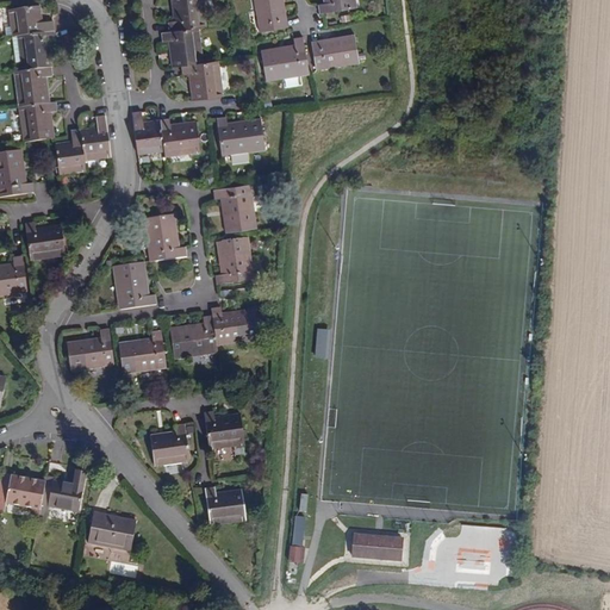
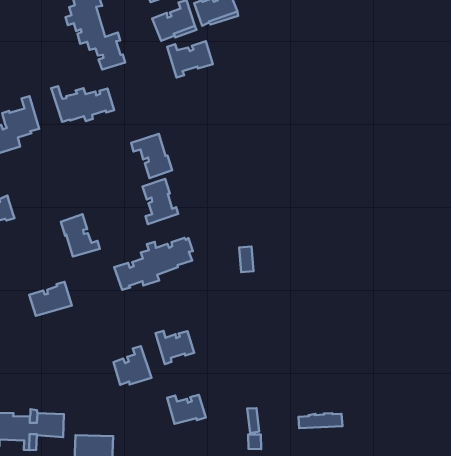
building: [216,116,264,154] -> [167,41,213,77]
building: [143,213,186,261] -> none
building: [118,329,166,369] -> none

